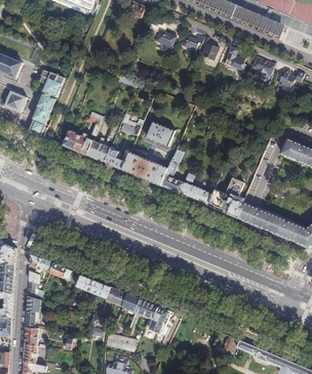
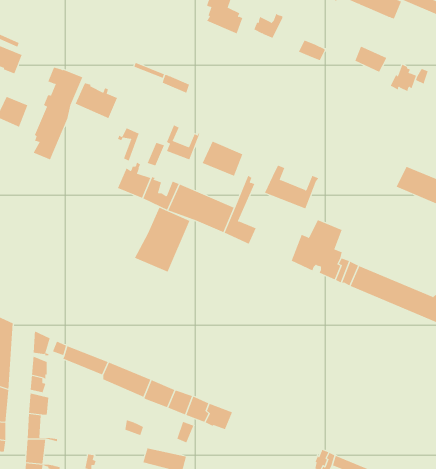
building: [64,129,93,155] -> [75,82,118,119]
building: none -> [134,207,190,272]
building: [179,174,217,205] -> [264,165,319,209]

